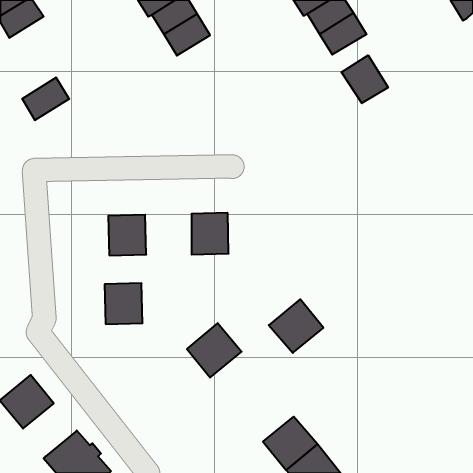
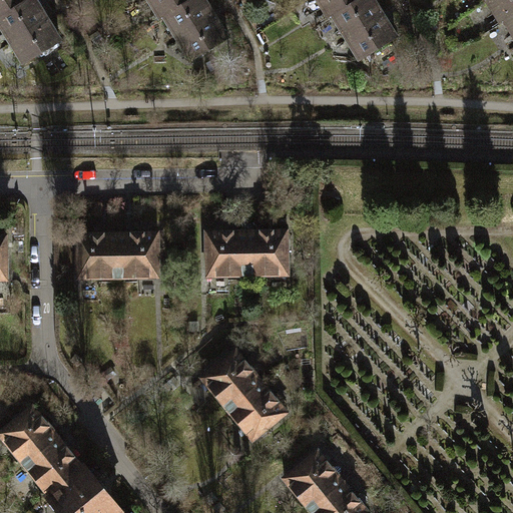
building: [341,55,388,103] -> none
building: [22,78,69,120] -> [10,18,61,64]
building: none -> [246,230,288,275]
building: [105,283,143,324] -> [77,233,118,278]
building: [269,299,323,353] -> [227,381,287,439]
building: none -> [25,437,82,494]

